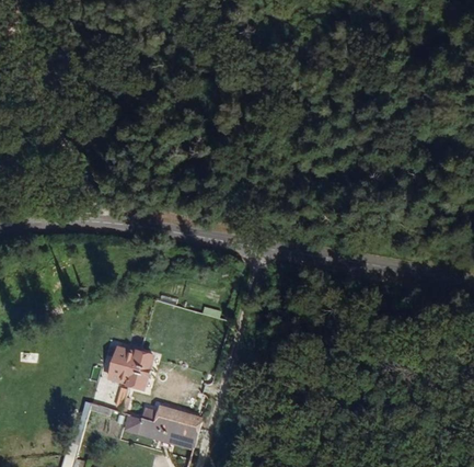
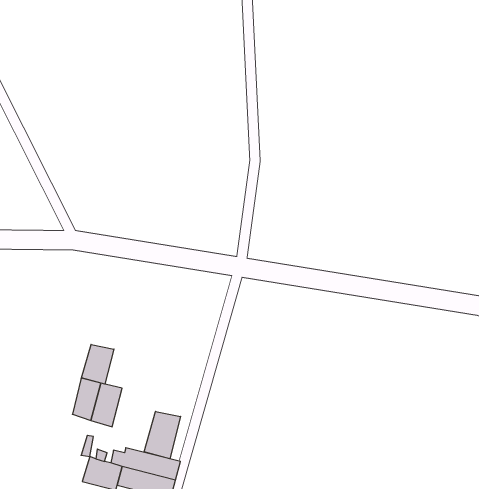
building: none -> [81,344,114,384]
building: none -> [144,411,181,459]

